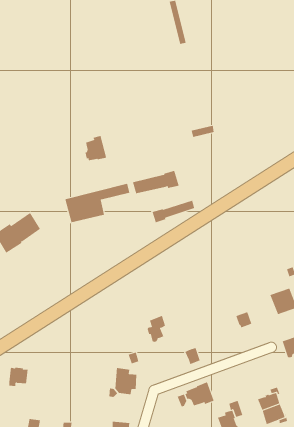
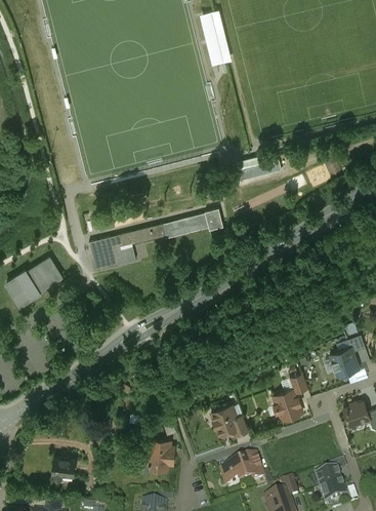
building: [84,129,107,161] -> none
building: [152,200,195,223] -> none
building: [147,315,166,342] -> [213,405,236,437]
building: none -> [274,390,302,421]
building: [8,367,29,387] -> [52,457,76,479]

